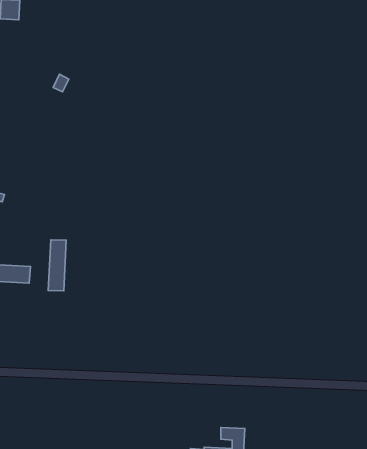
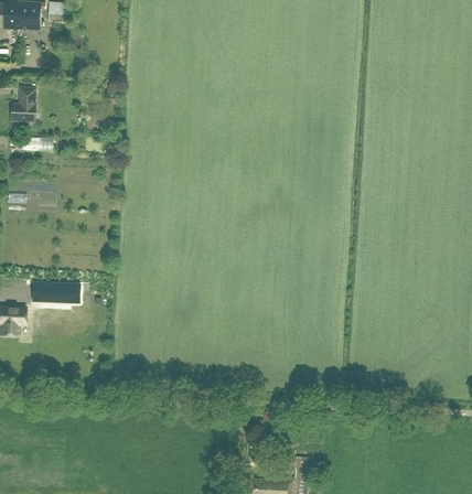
building: [48,240,66,291] -> none

